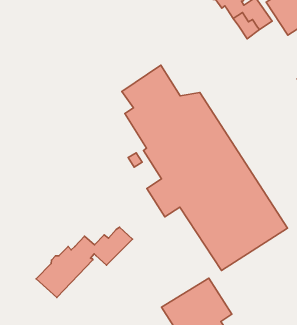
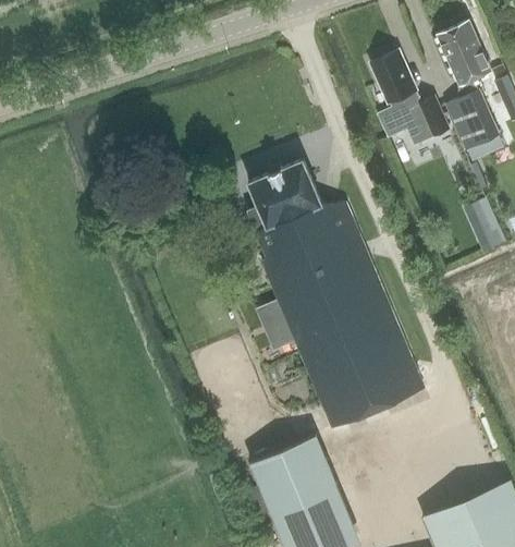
building: none -> [377,105,408,137]
building: [36,227,133,297] -> none

